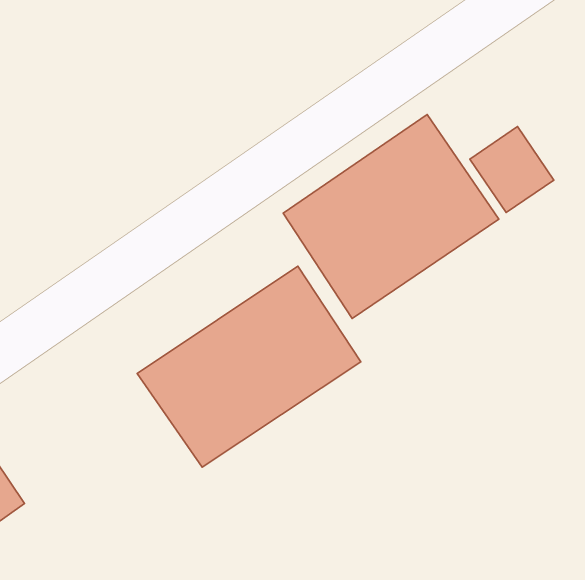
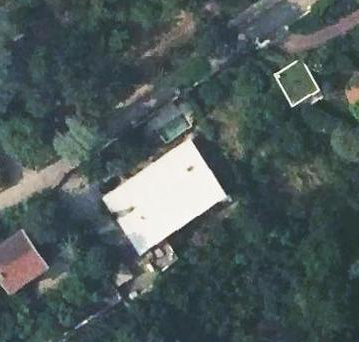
building: [283,114,499,319] -> none

